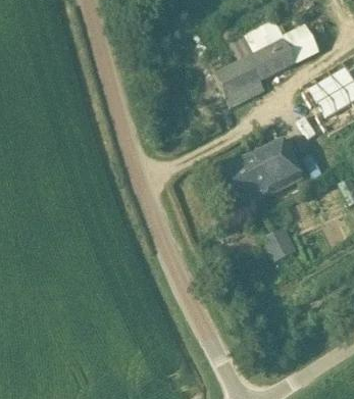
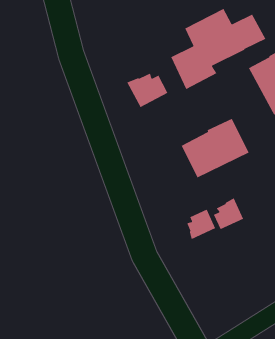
building: none -> [126,72,169,108]
building: none -> [186,209,216,240]

